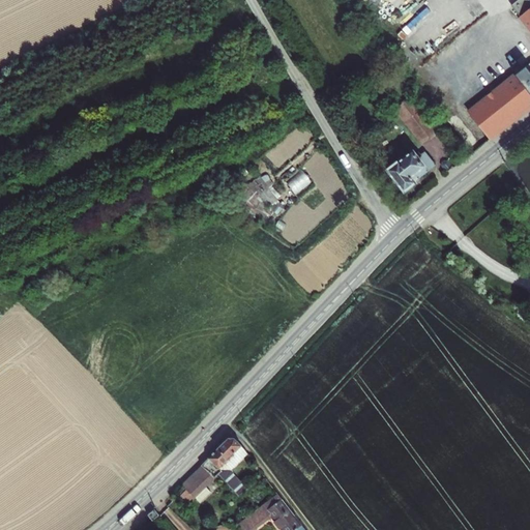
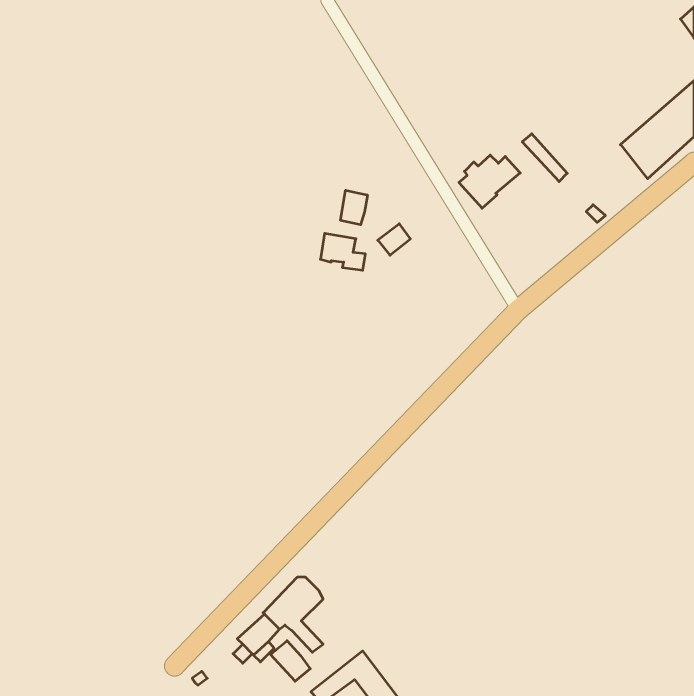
building: none -> [341,190,367,225]
building: [391,149,438,189] -> [459,155,520,208]
building: none -> [270,641,310,681]

